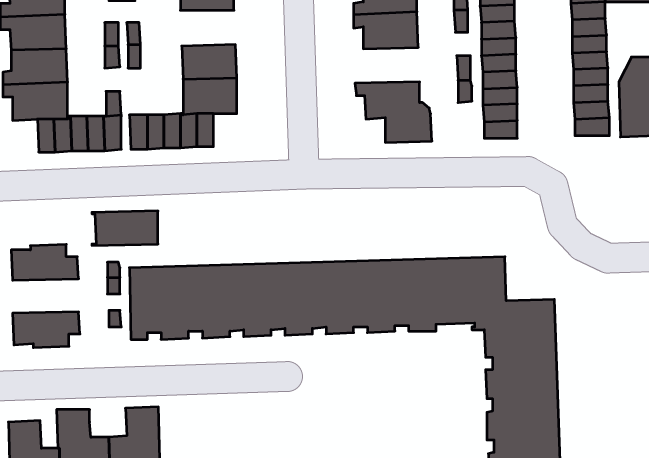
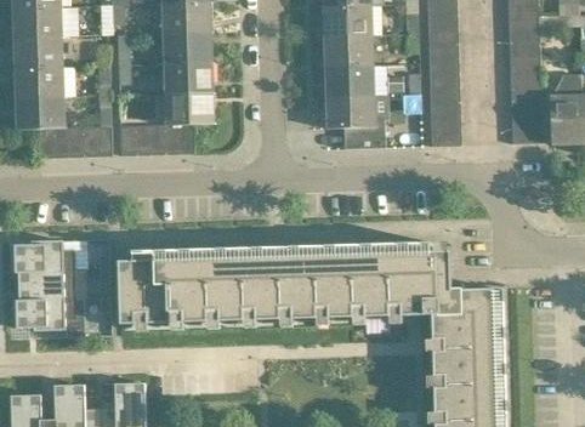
building: none -> [163,32,211,63]
building: none -> [317,64,374,96]
building: [92,211,158,245] -> [15,268,73,298]

